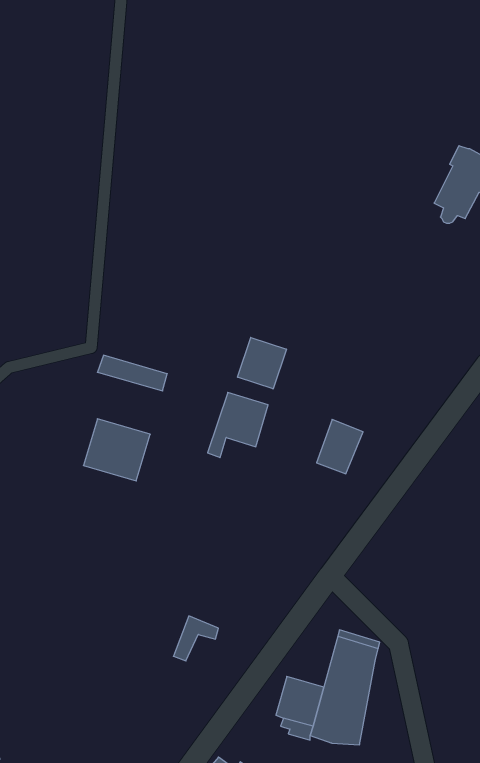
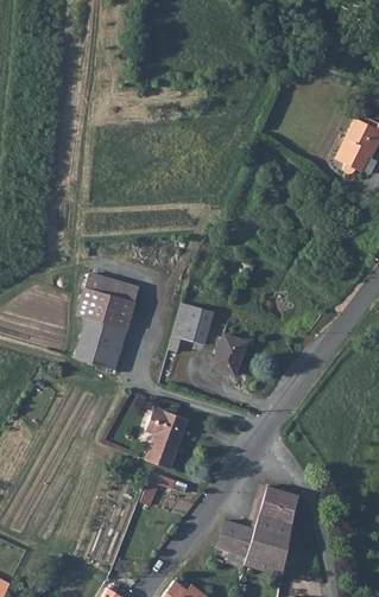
building: [238,337,286,389] -> none
building: none -> [76,287,133,335]
building: [317,419,363,474] -> [213,332,248,374]
building: none -> [144,407,187,469]

